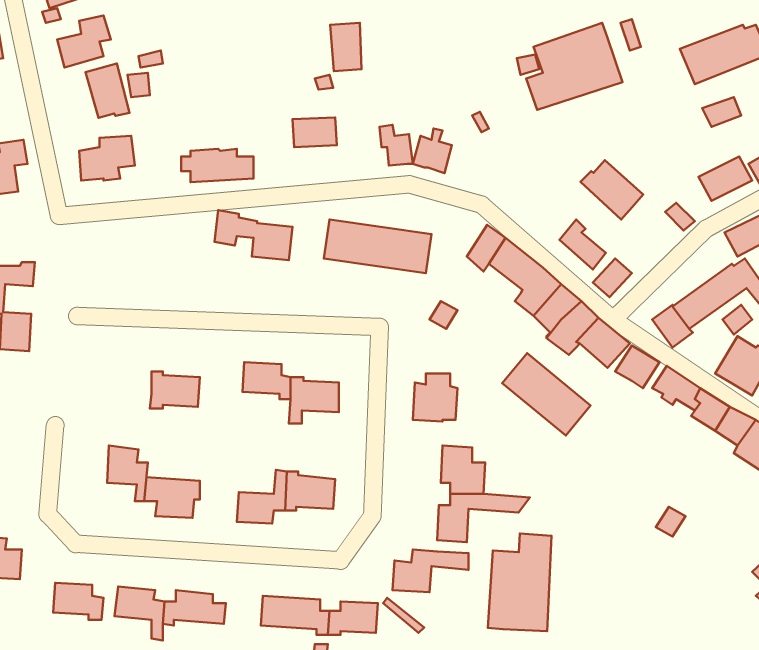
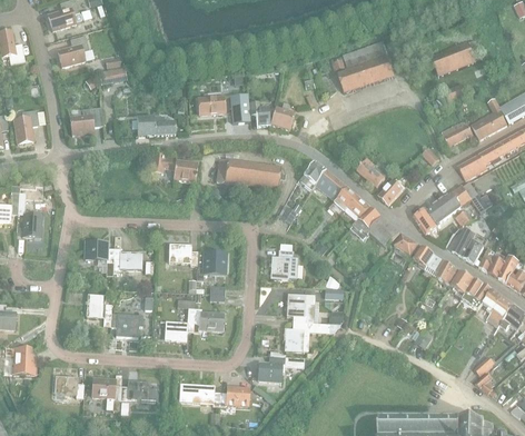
building: [330,23,362,71] -> [230,93,249,122]
building: [86,63,129,118] -> none
building: [581,160,643,220] -> none
building: [502,353,591,435] -> none
building: none -> [85,240,113,275]
building: [488,534,551,631] -> none

